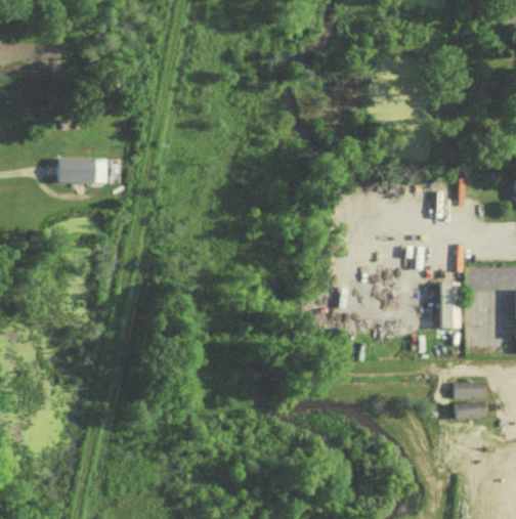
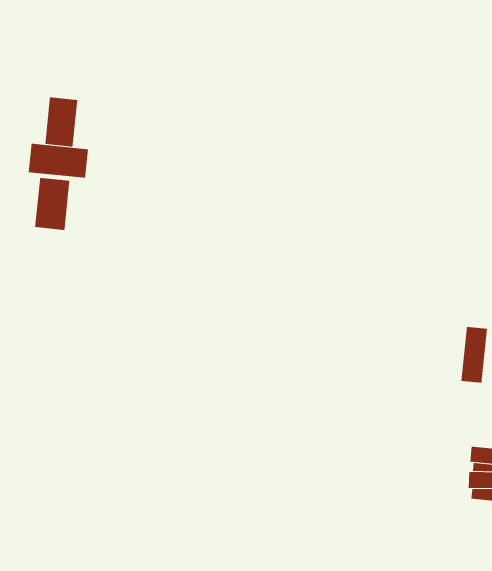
building: none -> [45,96,78,147]
building: none -> [35,177,70,231]

